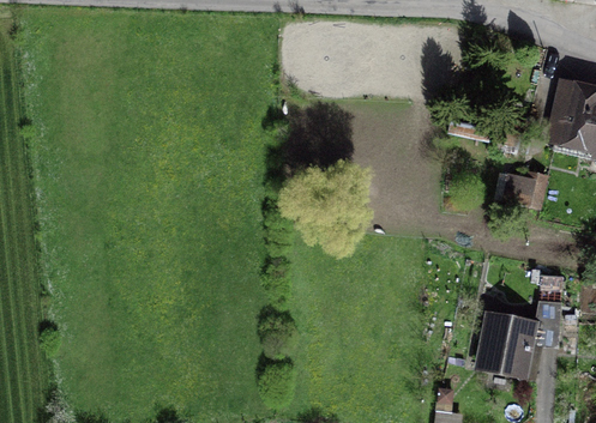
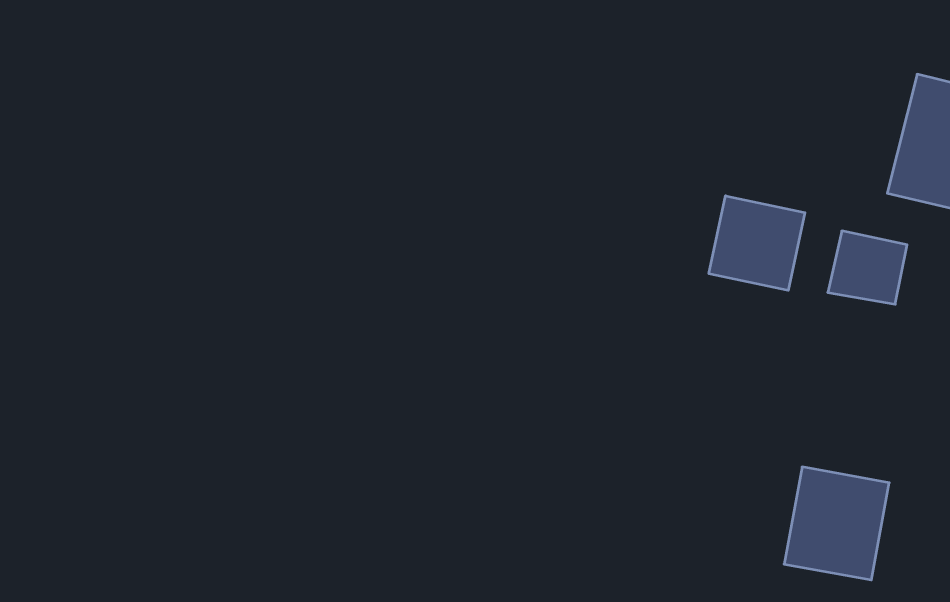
building: none -> [709,196,805,290]

